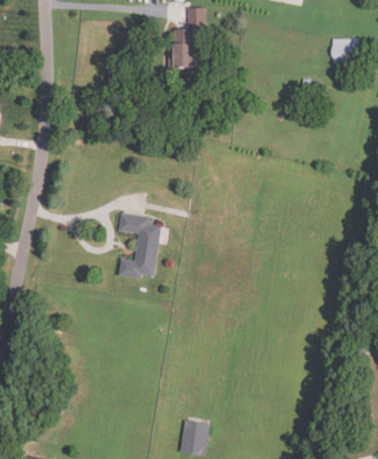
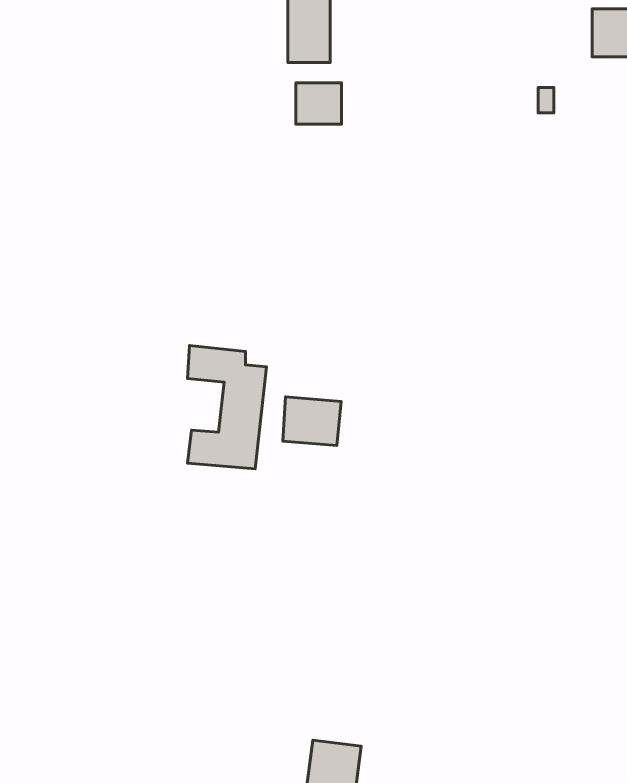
building: none -> [296,83,341,124]
building: none -> [283,397,341,446]

